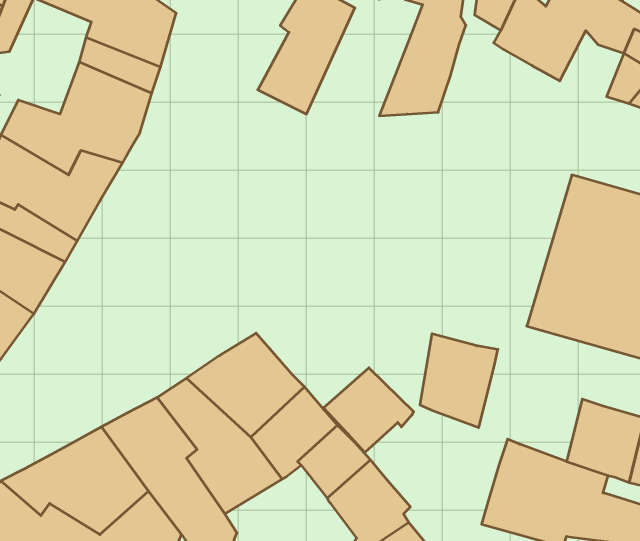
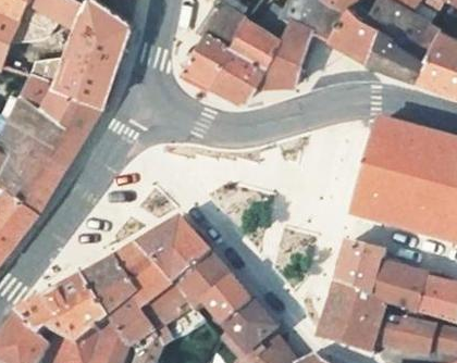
building: none -> [211,15,276,98]
building: none -> [370,29,410,71]
building: [420,334,498,428] -> [337,240,386,299]
building: [323,368,414,452] -> none

